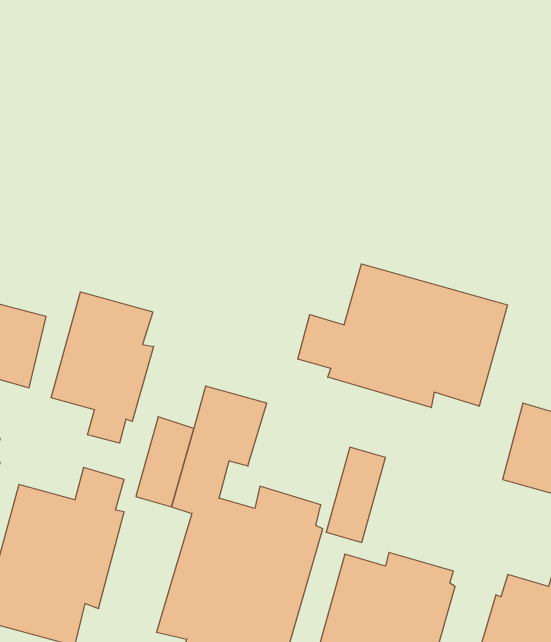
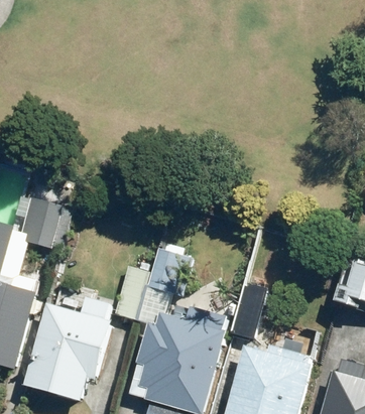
building: [298,264,508,408] -> none
building: [51,292,154,443] -> none

